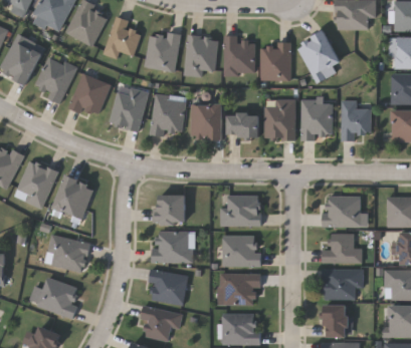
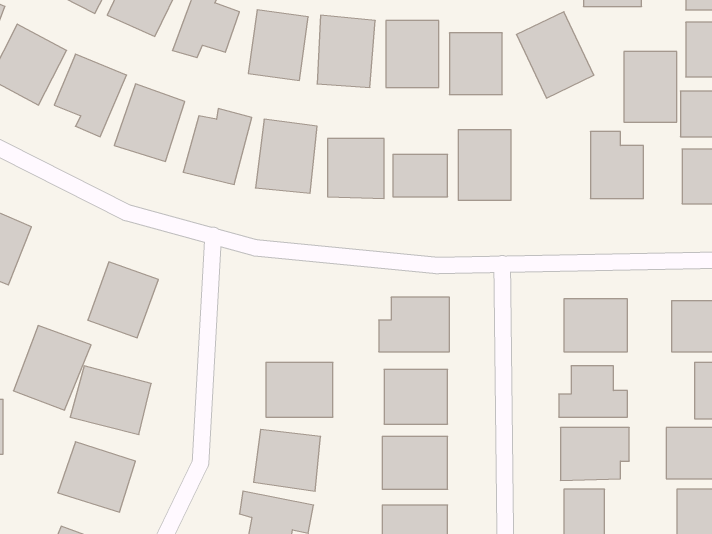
building: [301,99,332,139] -> [624,52,677,122]
building: [14,159,58,208] -> [13,326,91,410]
building: [155,195,186,225] -> none

